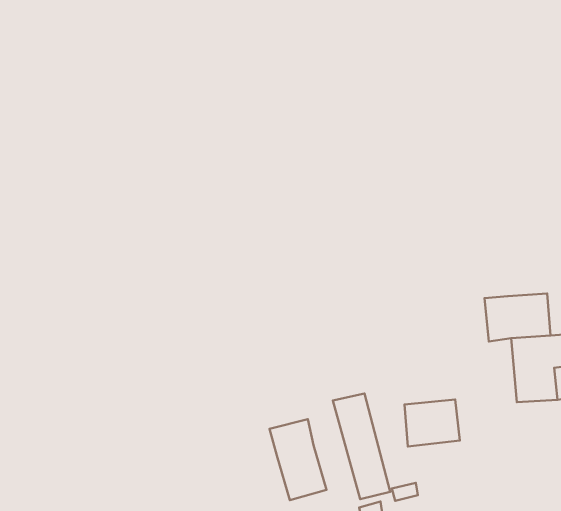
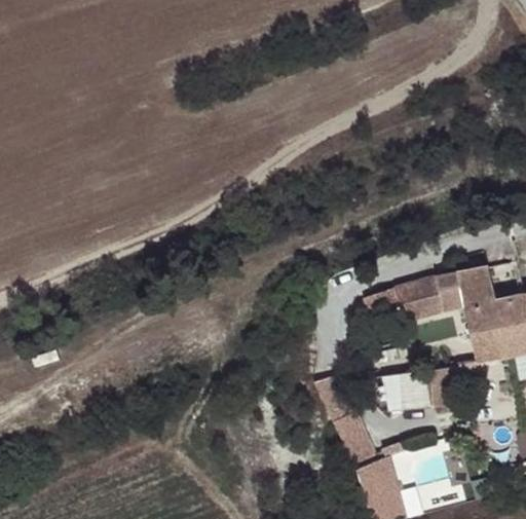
building: none -> [366,276,447,320]
building: [270,419,327,500] -> none

